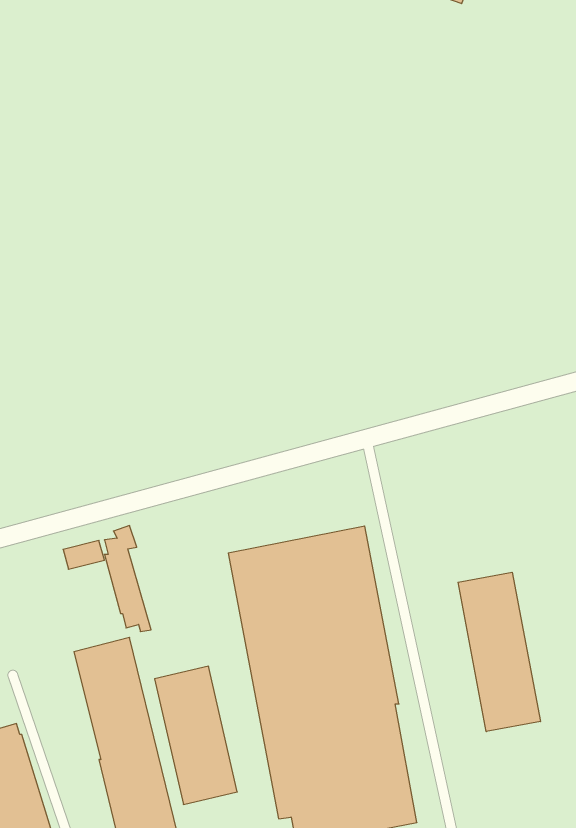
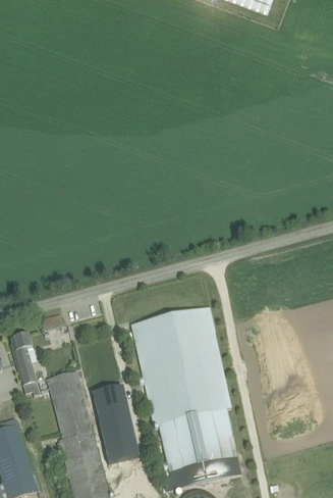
building: [104,526,151,632] -> [12,335,39,395]
building: [458,572,540,732] -> none

